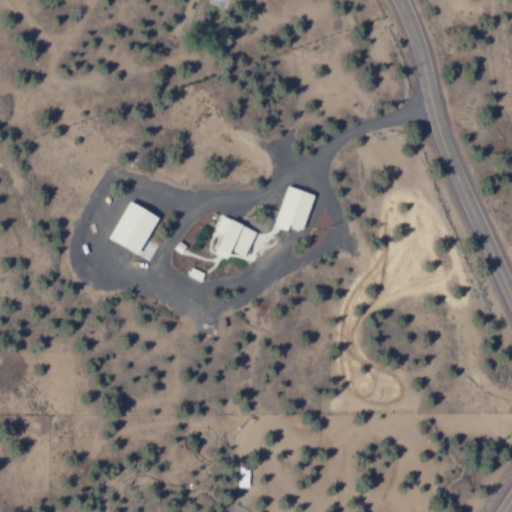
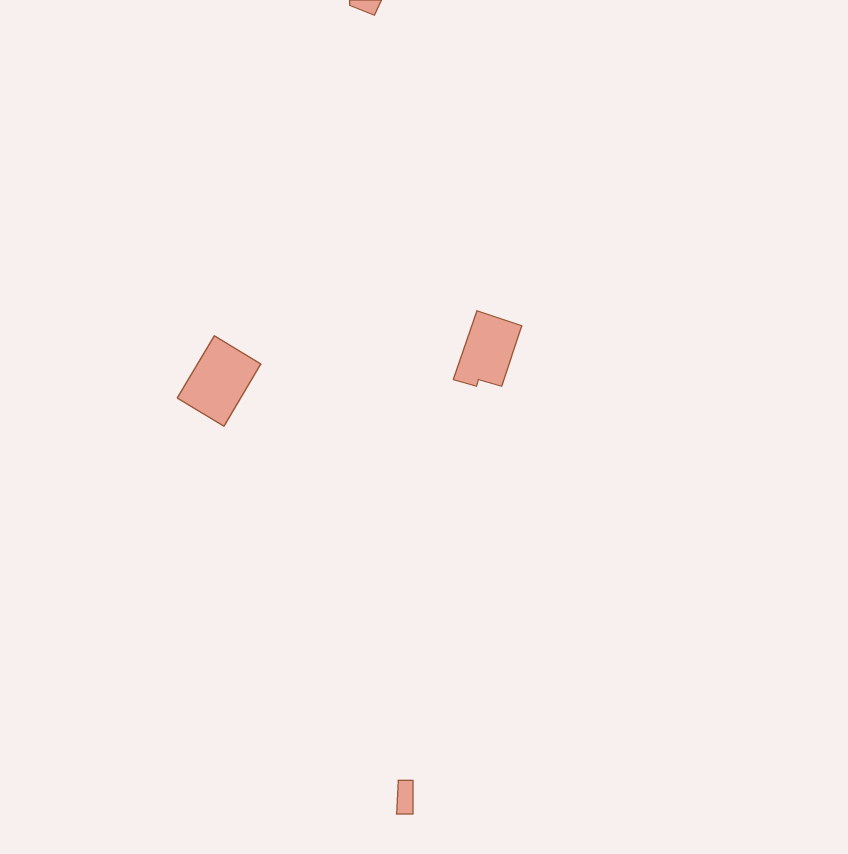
building: [216,217,257,258] -> none

